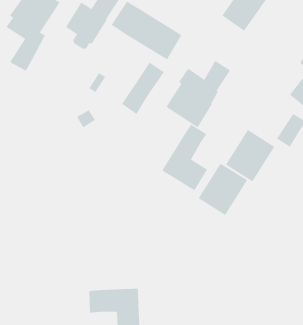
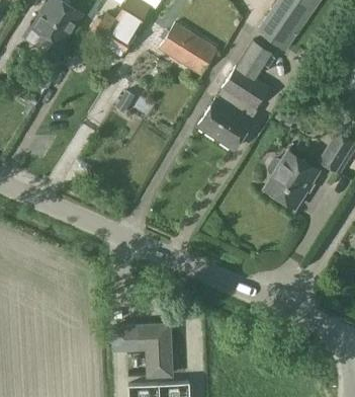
building: [121,62,165,115] -> [224,39,271,97]
building: [161,124,208,191] -> none
building: [198,163,248,216] -> none

